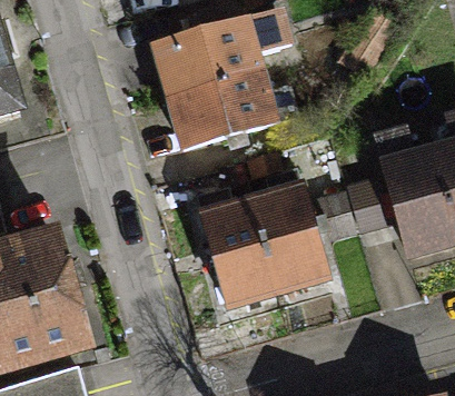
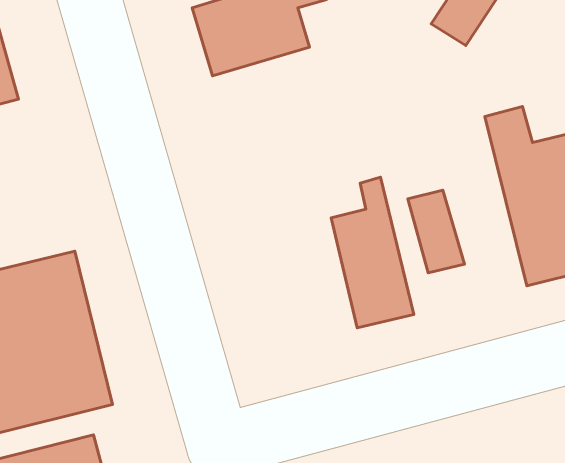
building: [167,73,271,140] -> none
building: [199,196,278,303] -> none

